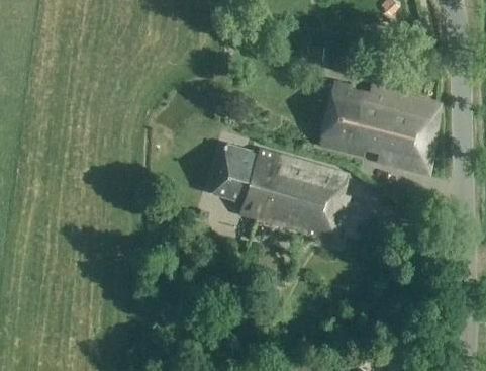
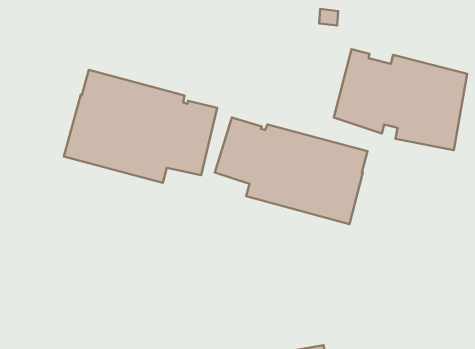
building: none -> [64,70,217,183]

